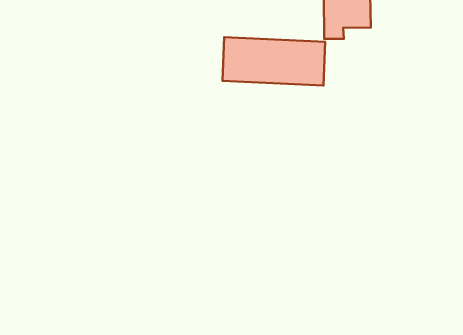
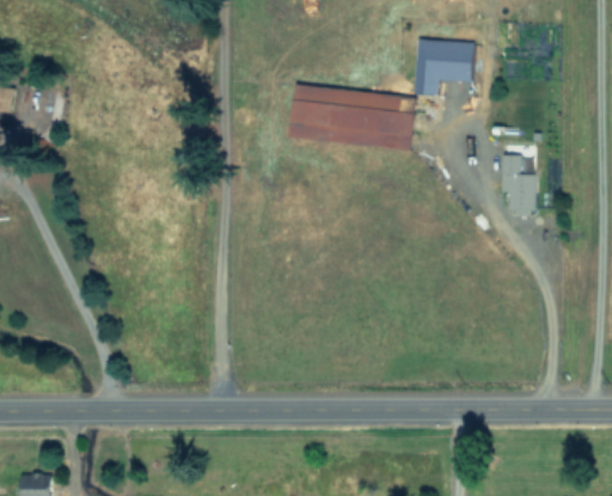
building: none -> [502,154,536,213]

